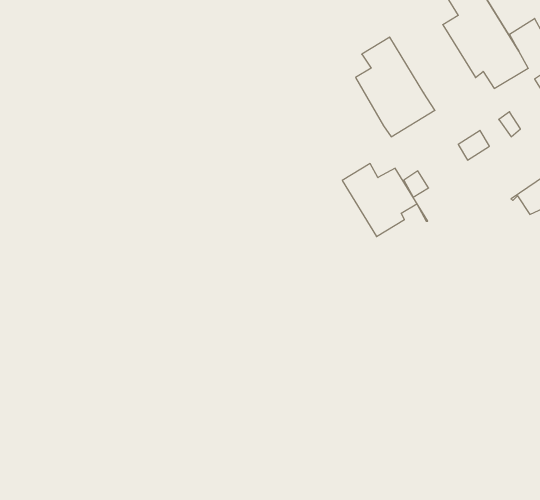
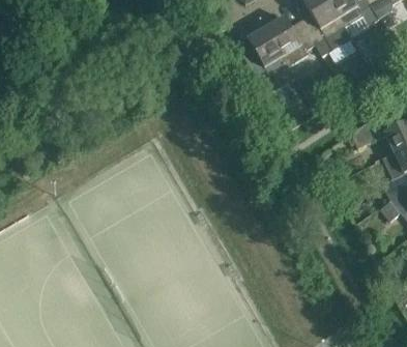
building: [342,164,428,237] -> [265,16,322,64]

